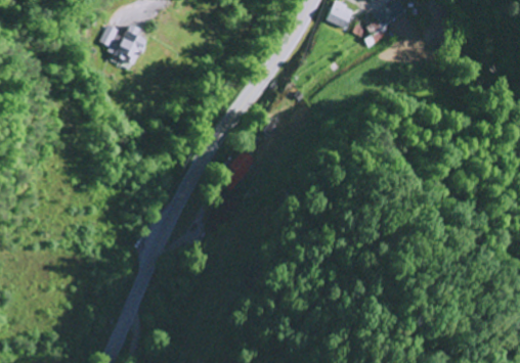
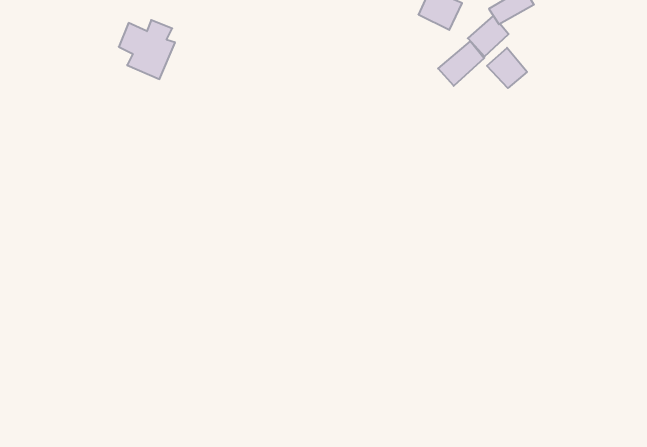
building: none -> [438,41,484,86]
building: none -> [487,48,527,88]

